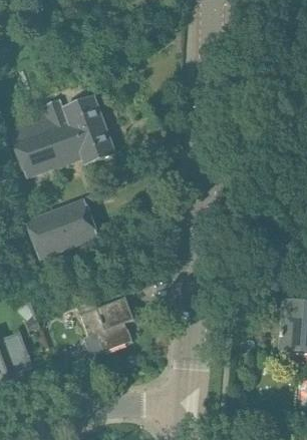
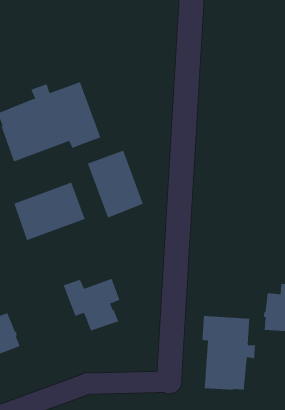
building: none -> [87,150,143,218]
building: none -> [202,315,255,391]

